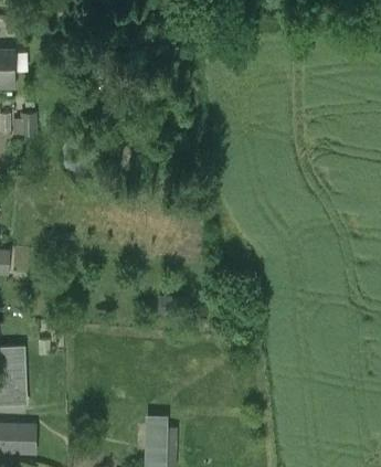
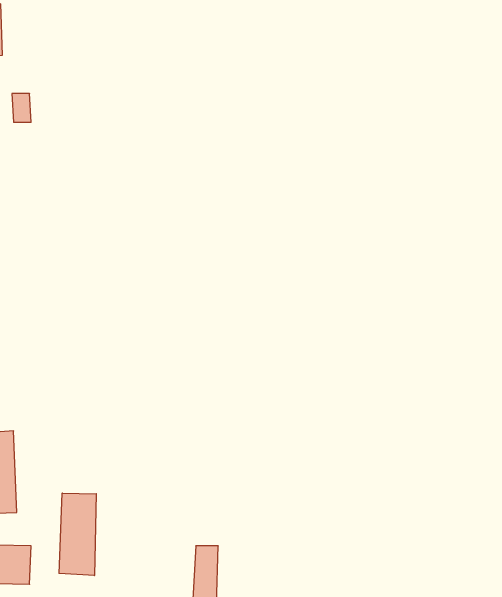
building: none -> [59,493,96,576]

